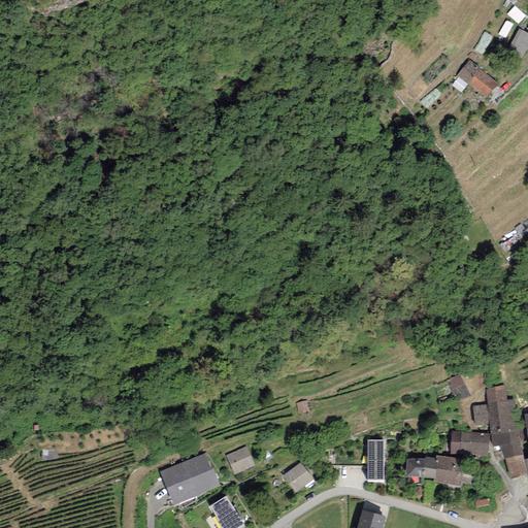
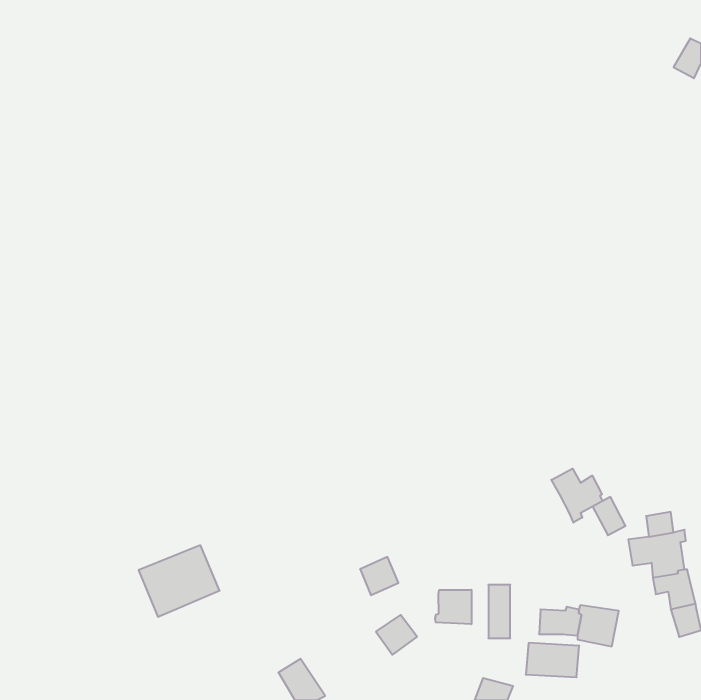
building: [458,60,498,98] -> none
building: none -> [551,469,603,523]
building: [450,430,490,456] -> [526,643,579,677]
building: none -> [435,590,471,624]
building: [226,446,255,474] -> [360,557,398,595]
building: [159,452,220,505] -> [139,545,220,617]

